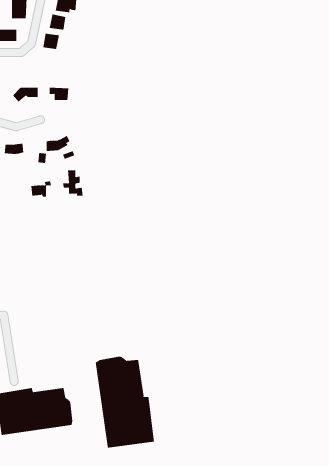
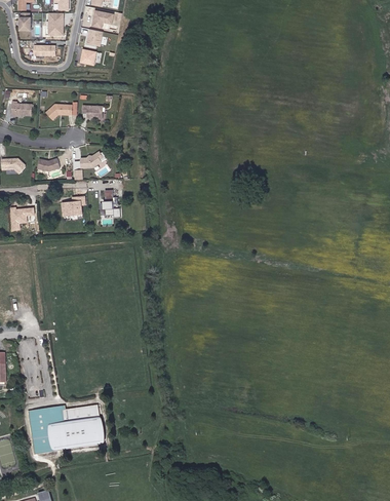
building: [95,356,155,449] -> none

